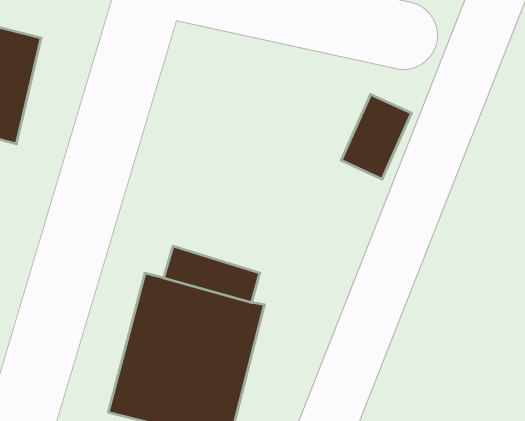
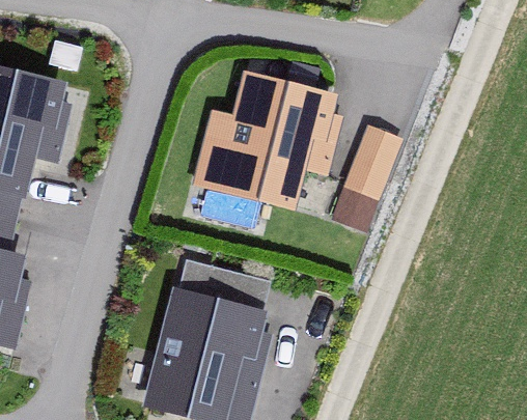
building: none -> [191,67,335,208]

